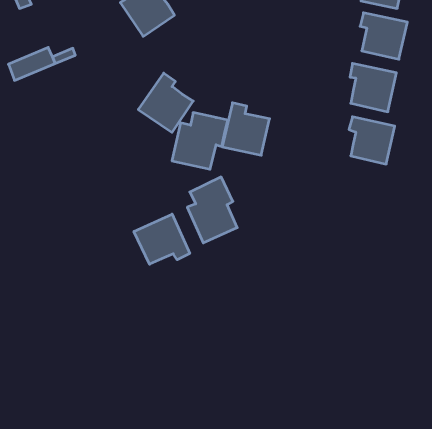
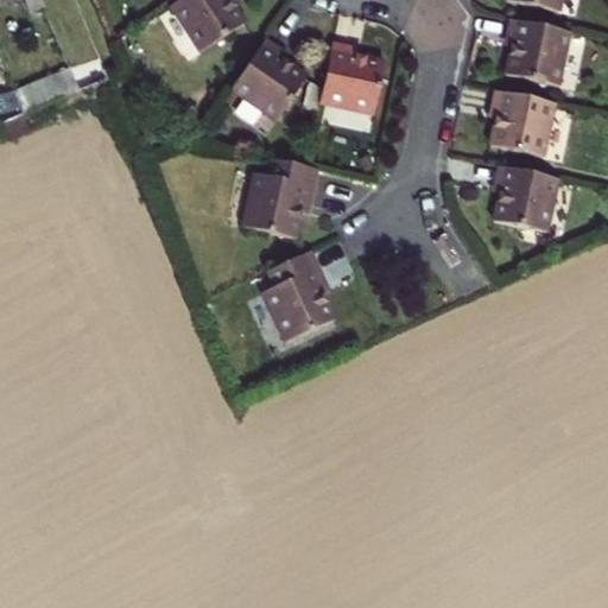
building: [138,73,193,132] -> [232,34,309,118]
building: [222,103,270,155] -> [317,40,384,114]
building: [134,214,190,264] -> none

